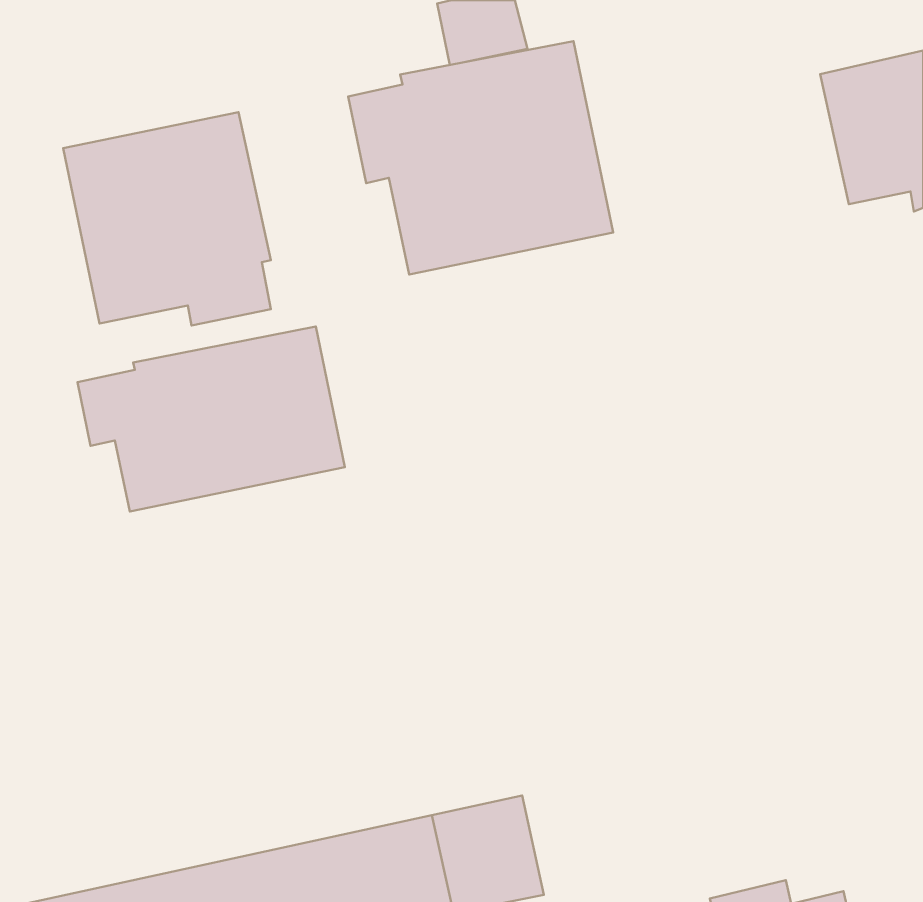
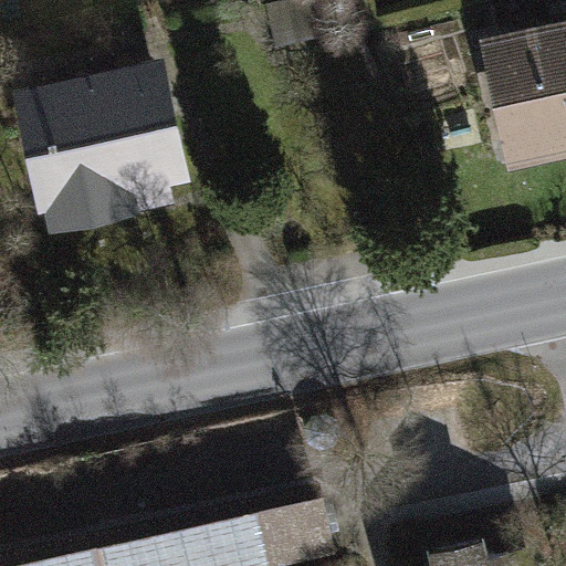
building: [348,41,613,275] -> none
building: [77,326,345,512] -> none

